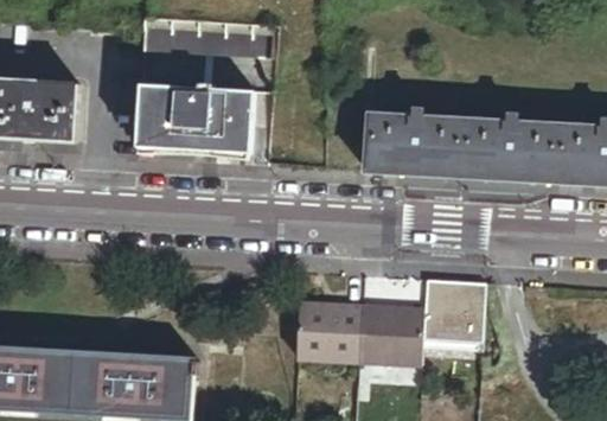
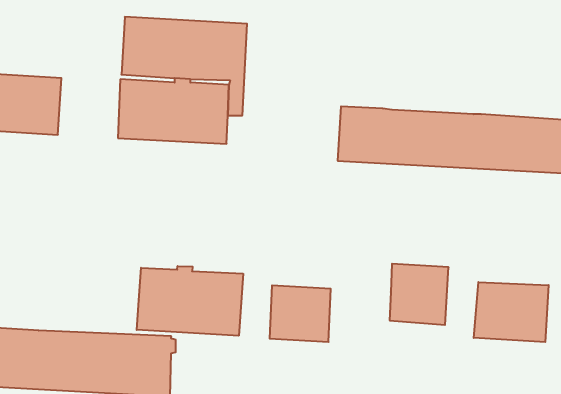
building: none -> [137,266,243,336]
building: none -> [474,282,549,342]
building: [357,305,422,364] -> none

